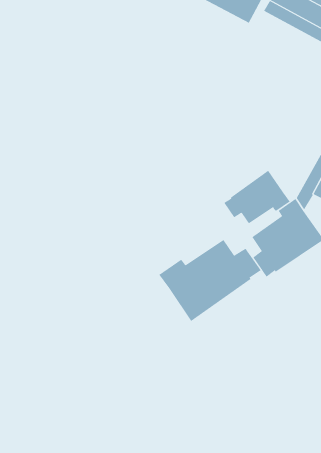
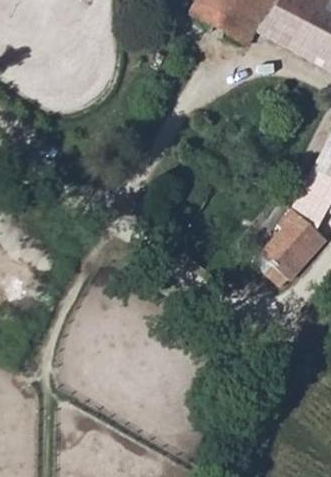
building: [223,170,290,224] -> none
building: [158,239,262,322] -> none

